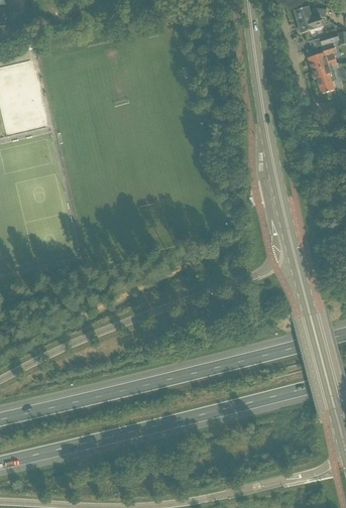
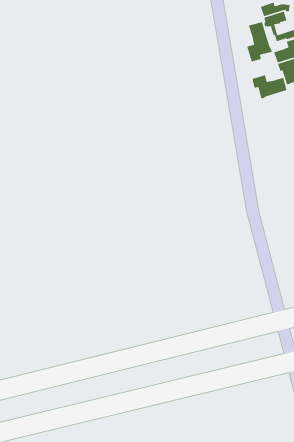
building: none -> [246,21,273,63]
building: none -> [251,74,288,99]

